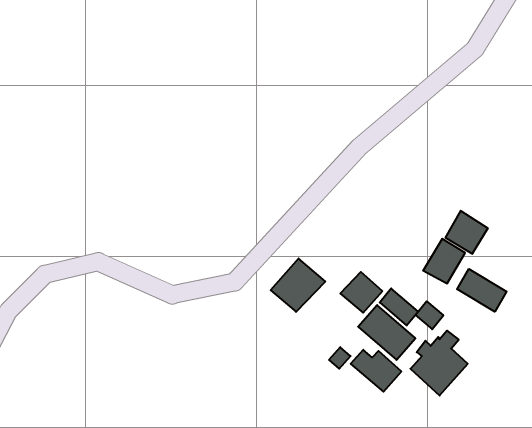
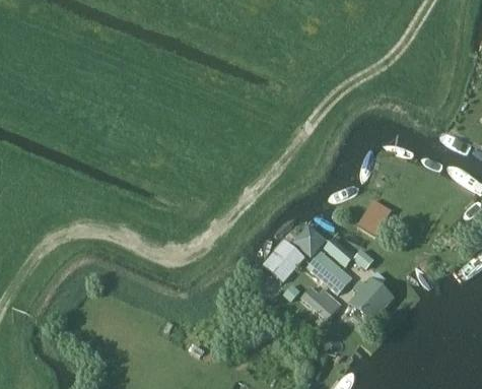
building: [446,211,488,254] -> none
building: [271,258,325,312] -> [262,240,305,282]
building: [457,269,507,312] -> none

